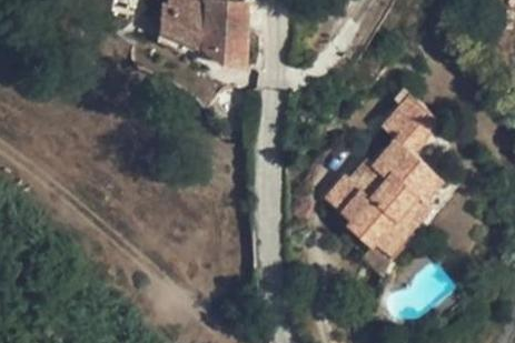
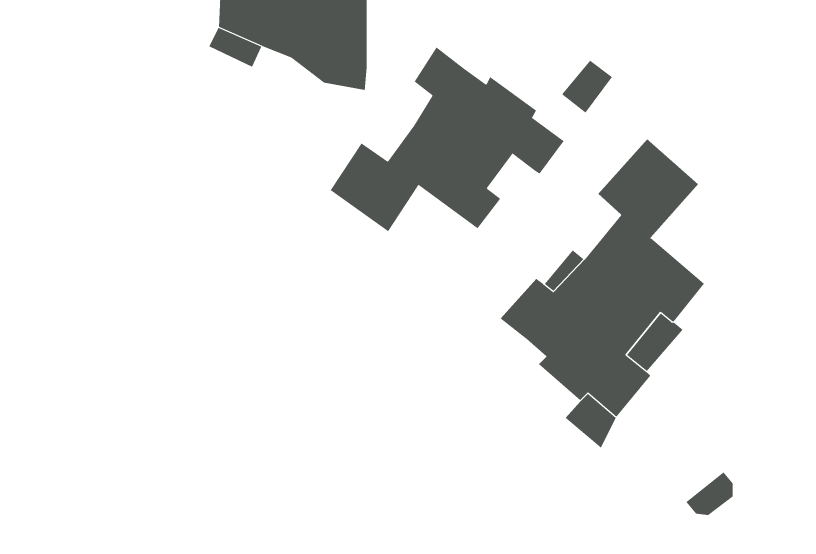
building: none -> [330,47,565,232]

